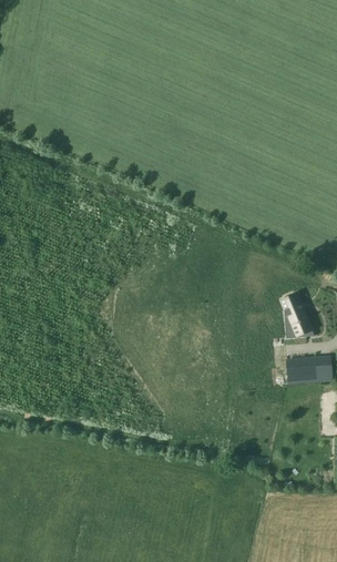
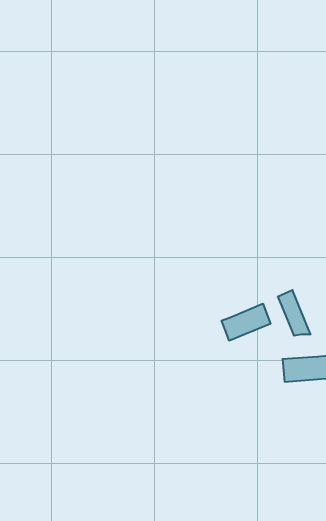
building: none -> [222,304,270,341]

